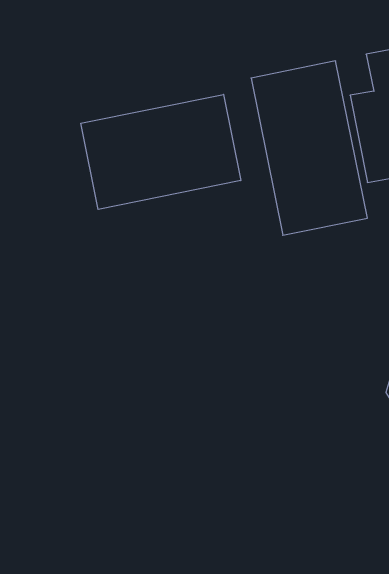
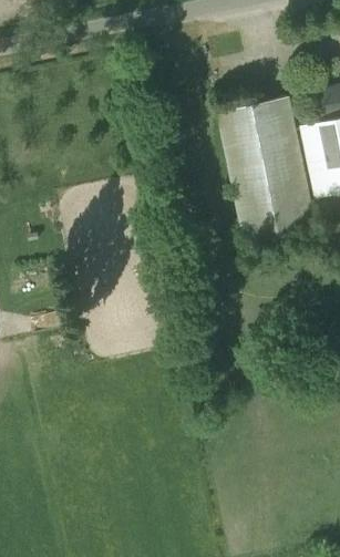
building: [81,94,241,209] -> none

